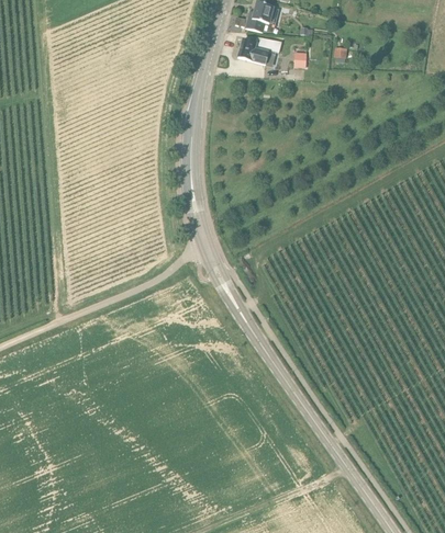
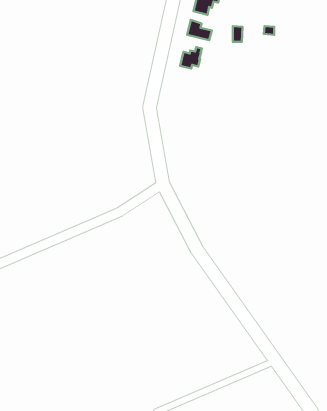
building: none -> [180,47,202,68]

